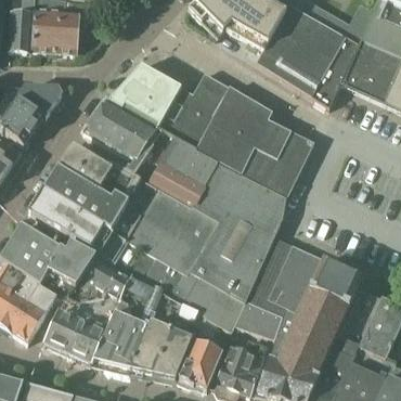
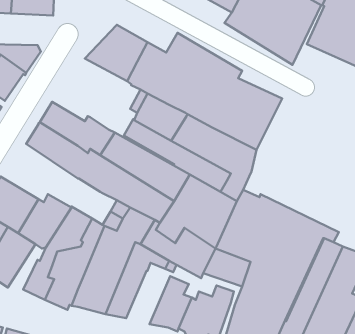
building: [81,96,157,173] -> none
building: [34,189,127,263] -> none
building: [152,323,193,378] -> none

